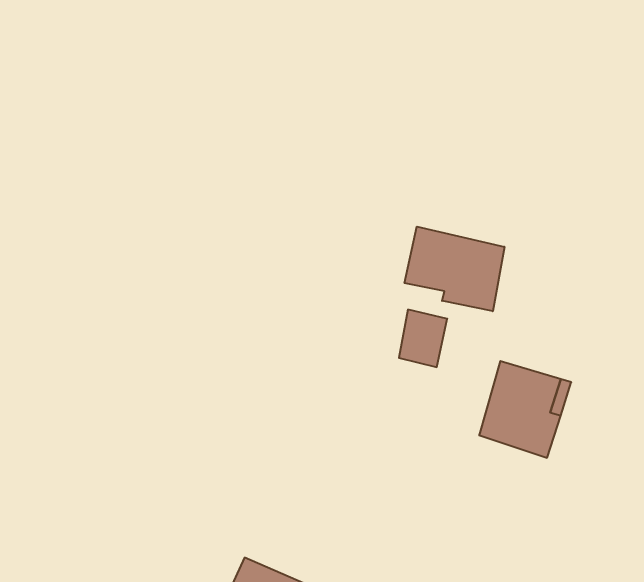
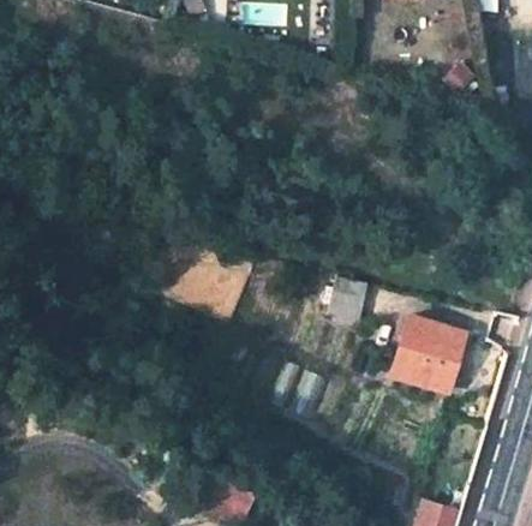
building: [405,227,504,311] -> none

